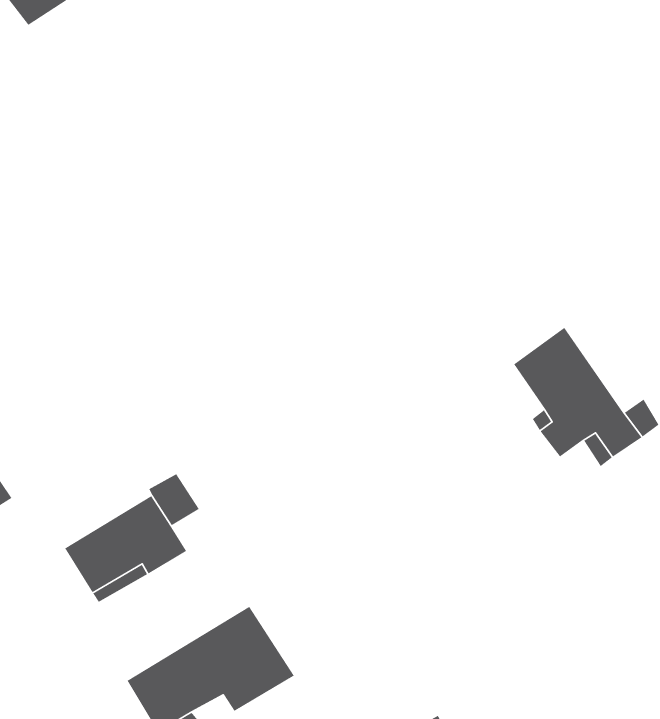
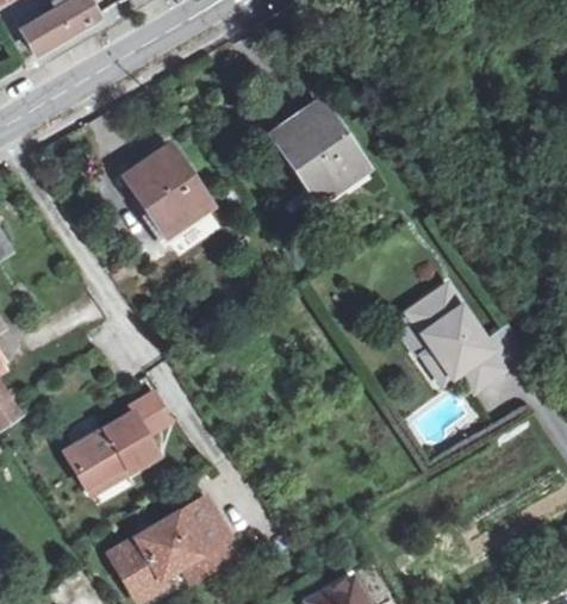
building: none -> [272,102,363,200]
building: none -> [123,148,207,233]

